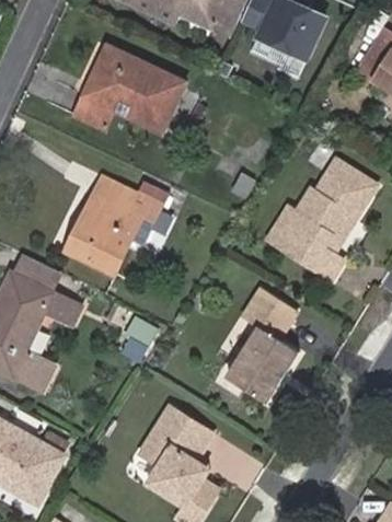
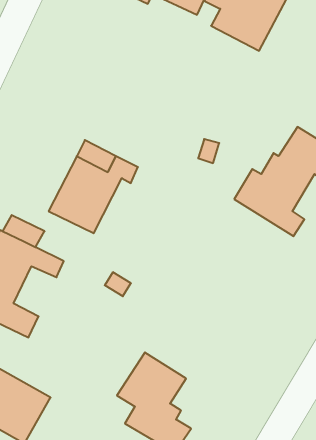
building: [72,43,186,132] -> none
building: [226,286,299,402] -> none

